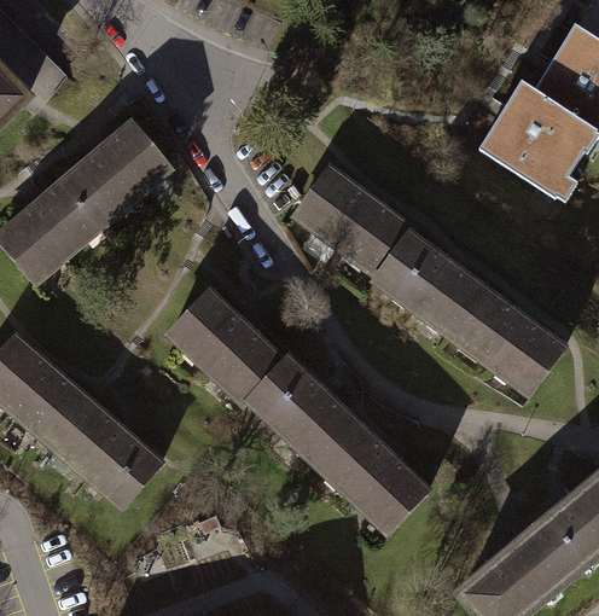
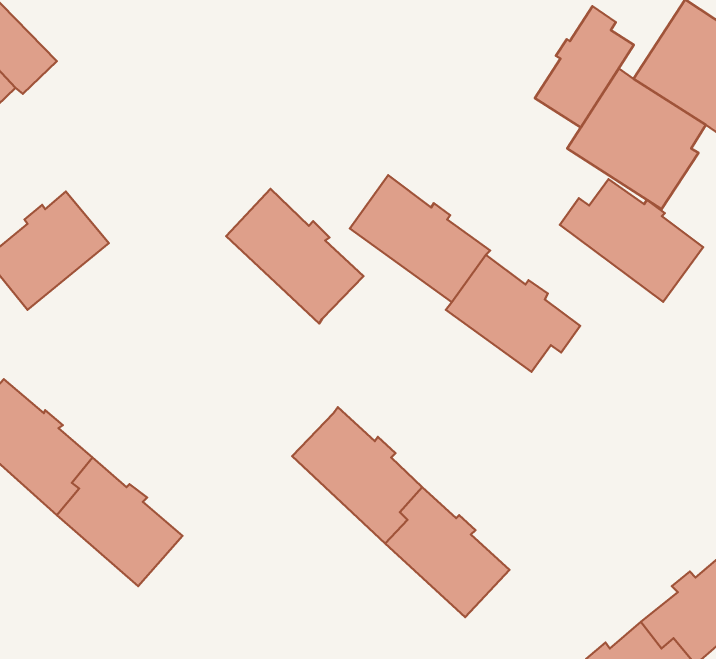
building: none -> [535,6,634,127]
building: [64,124,169,225] -> none
building: [170,292,283,402] -> [226,189,364,323]
building: [444,292,562,393] -> [560,179,703,302]

